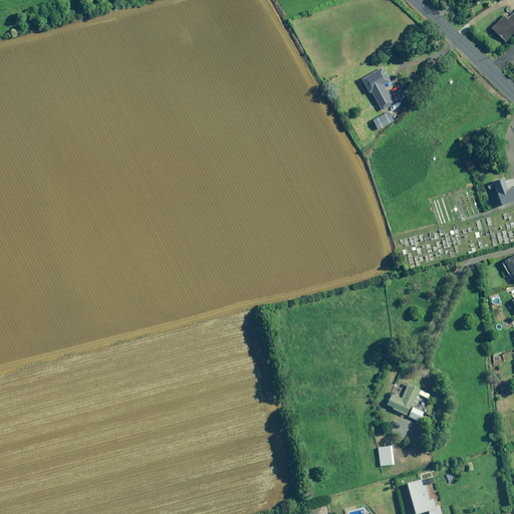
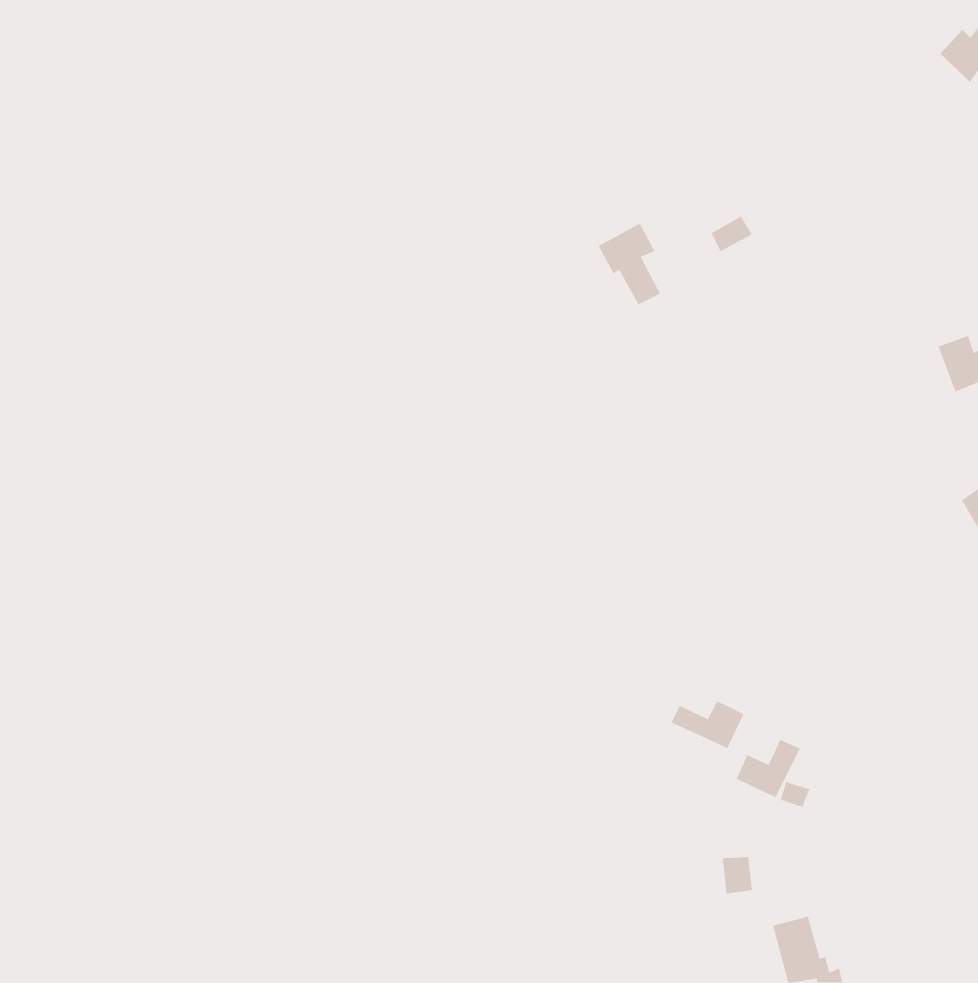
building: [361,66,395,109] -> [598,223,661,305]
building: none -> [670,700,745,749]

